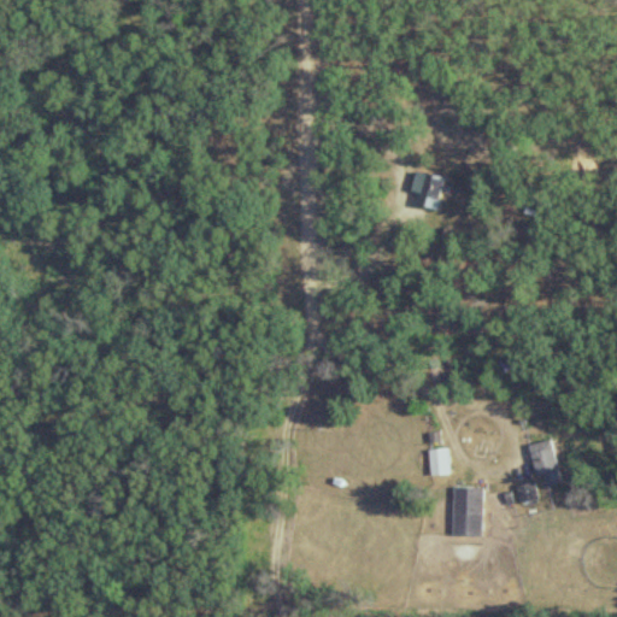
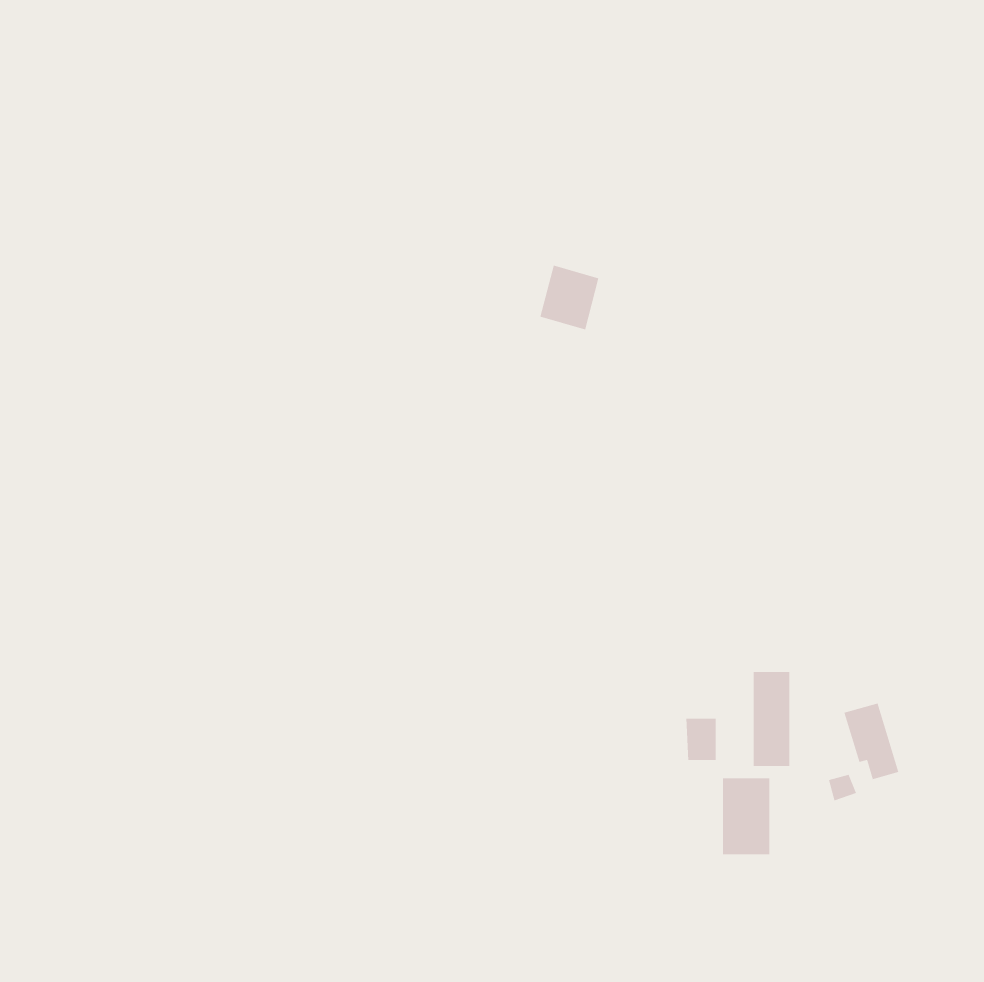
building: [409,170,446,211] -> [540,265,599,330]
building: none -> [753,671,790,767]

